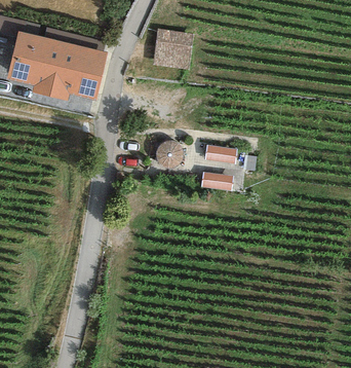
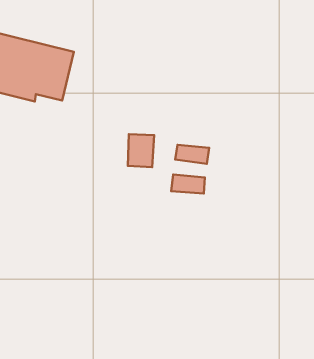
building: [149,29,192,71] -> none

